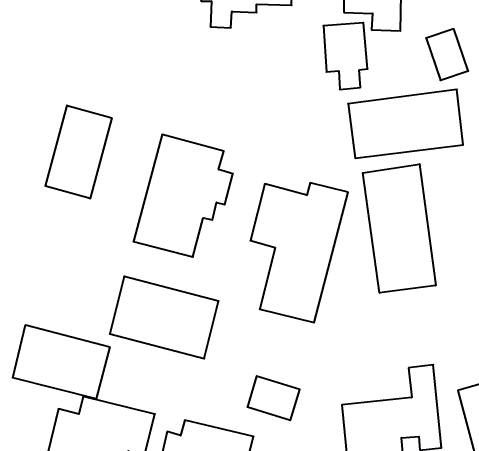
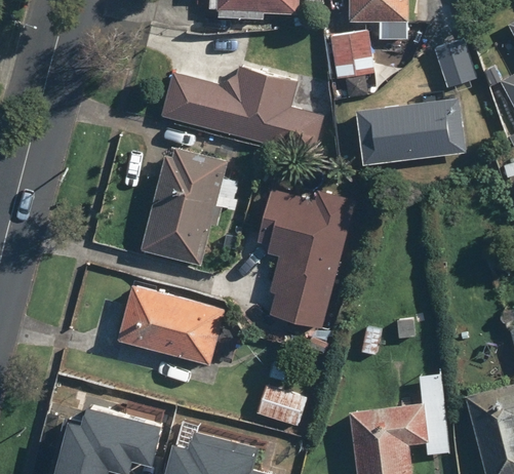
building: none -> [160,66,326,158]
building: [45,105,112,199] -> none
building: [363,164,436,293] -> none
building: [13,325,110,399] -> none

